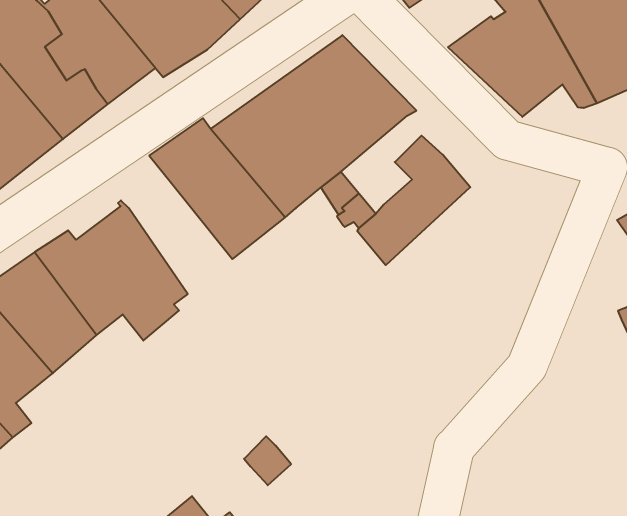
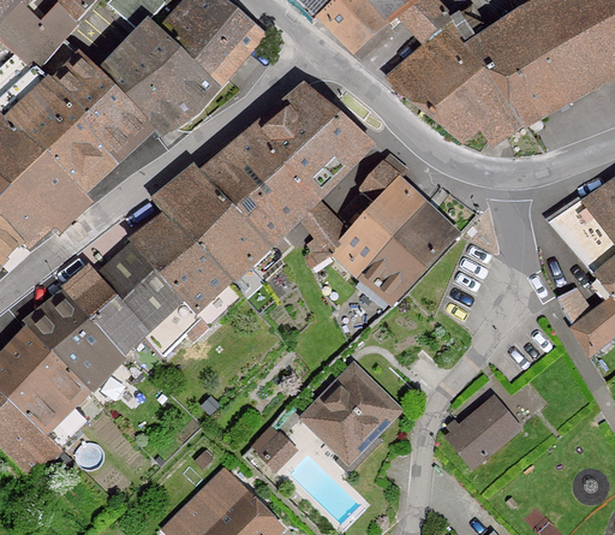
building: none -> [141,221,243,326]
building: none -> [359,203,460,303]
building: none -> [305,365,398,469]
building: none -> [447,396,519,465]

